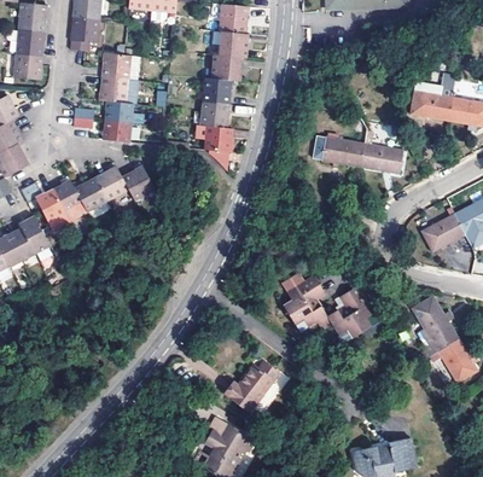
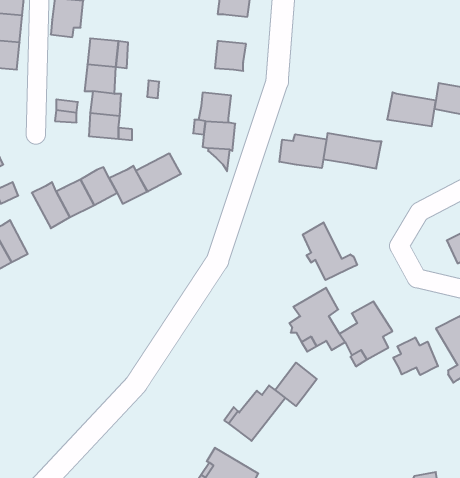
building: [220,29,249,56] -> none
building: [205,76,233,101] -> none
building: none -> [279,134,326,168]
building: [360,142,403,173] -> [387,92,436,126]
building: none -> [136,153,181,192]
building: [37,188,70,227] -> none
building: none -> [303,222,357,280]
building: none -> [393,337,438,375]
building: none -> [275,363,317,406]

